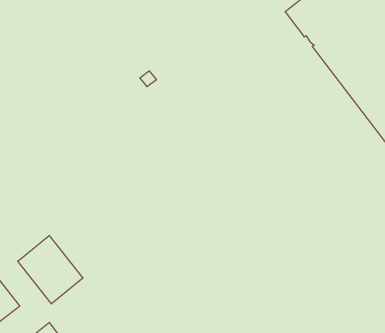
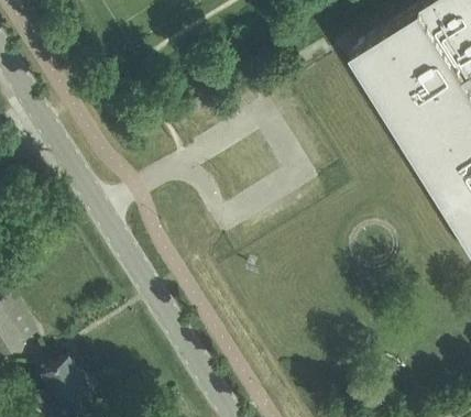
building: [18,235,83,304] -> none

